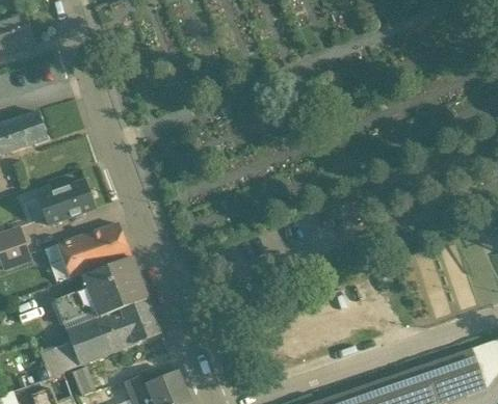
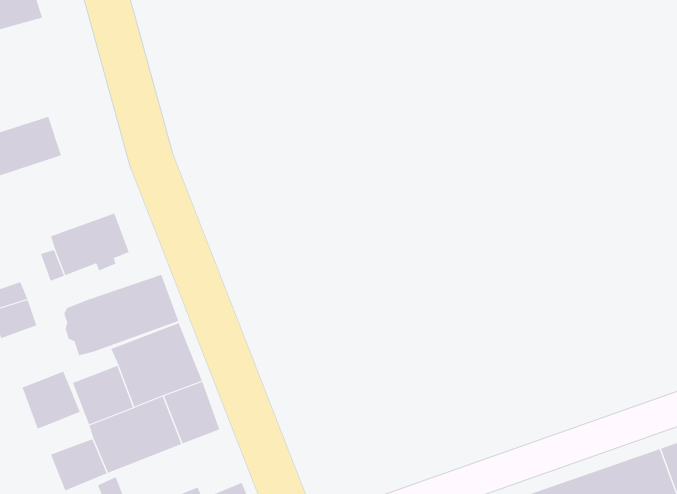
building: none -> [22,371,80,430]

